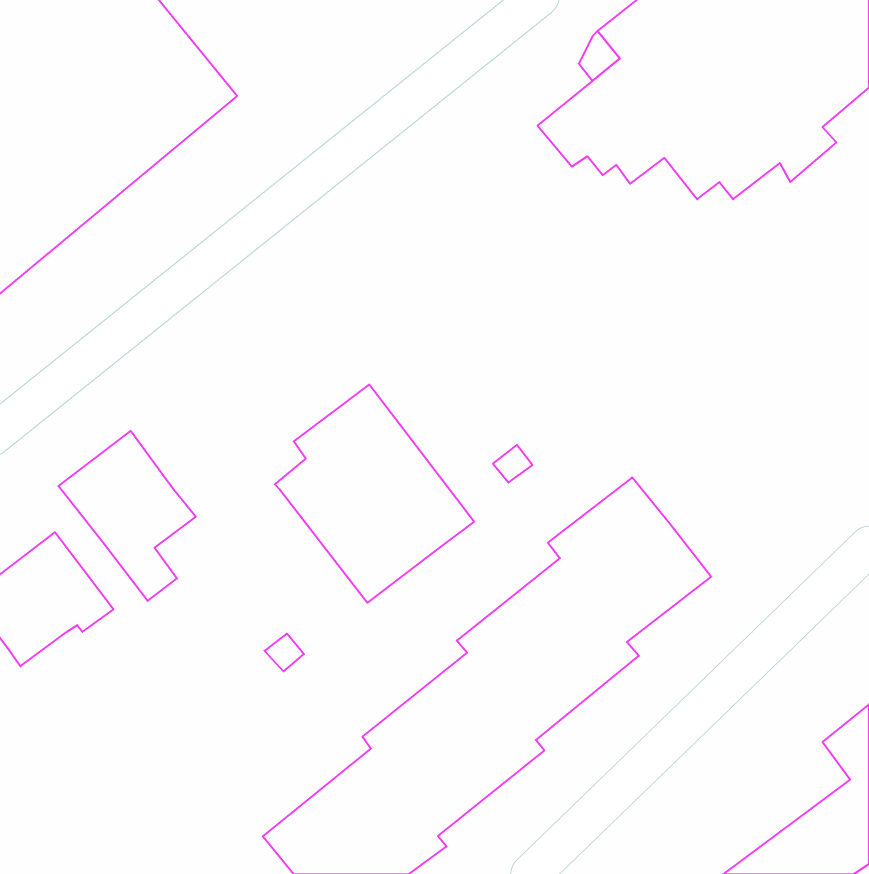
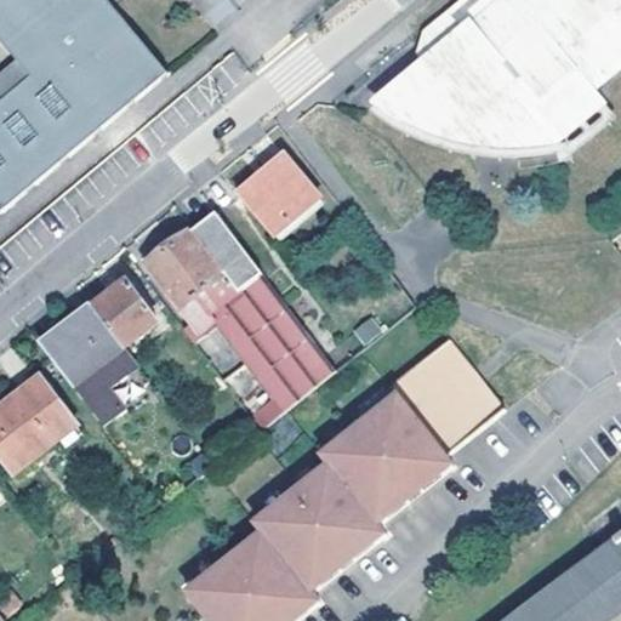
building: none -> [238,153,320,232]
building: none -> [146,210,261,342]
building: none -> [92,279,156,346]

